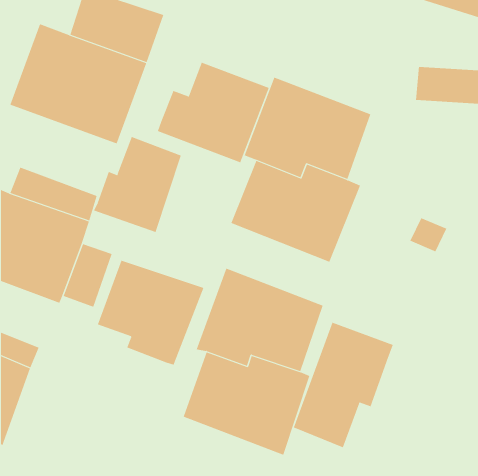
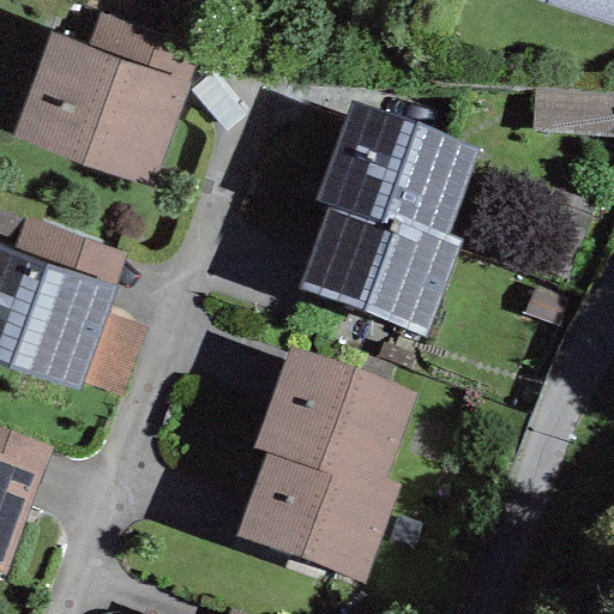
building: [157,62,270,163] -> none
building: [93,136,182,233] -> none
building: [97,260,204,366] -> none
building: [293,322,394,448] -> none

